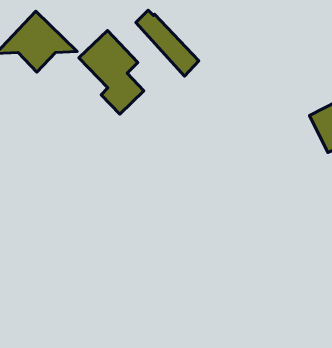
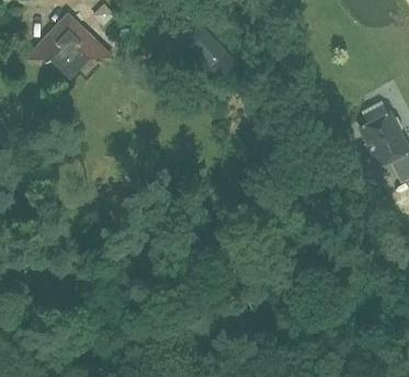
building: [79,31,144,114] -> none

